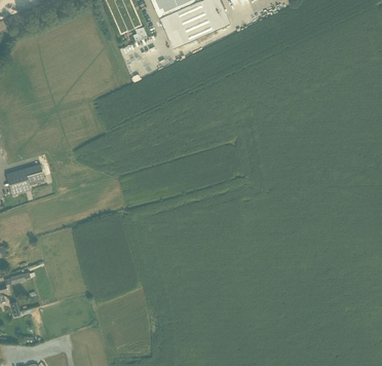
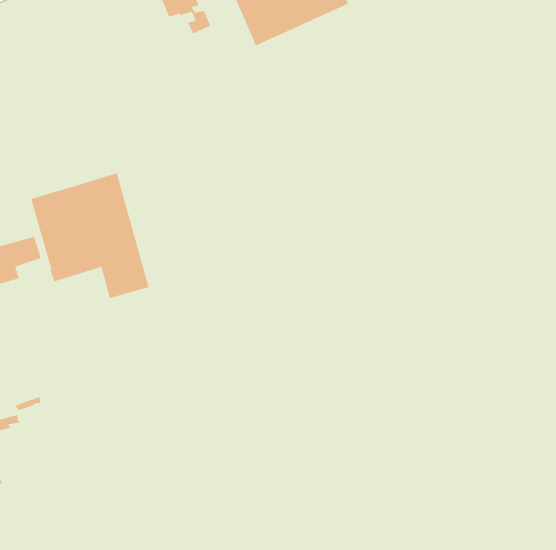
building: none -> [31,173,149,299]

